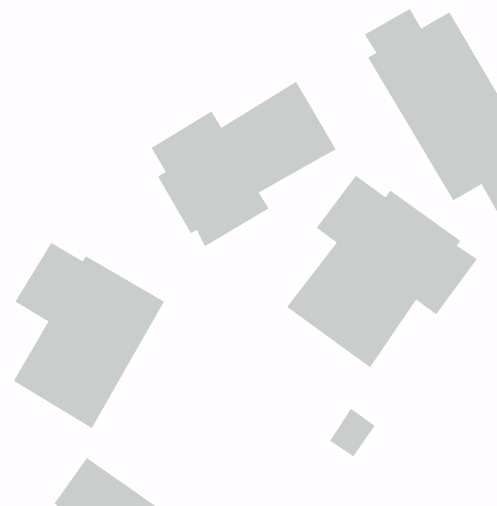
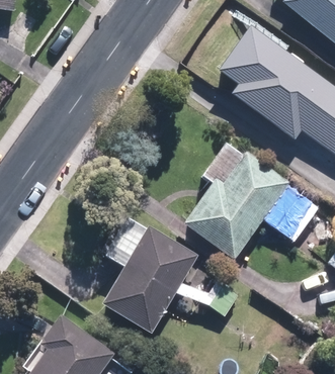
building: [151,81,336,247] -> none
building: [13,242,165,429] -> [104,217,197,332]

